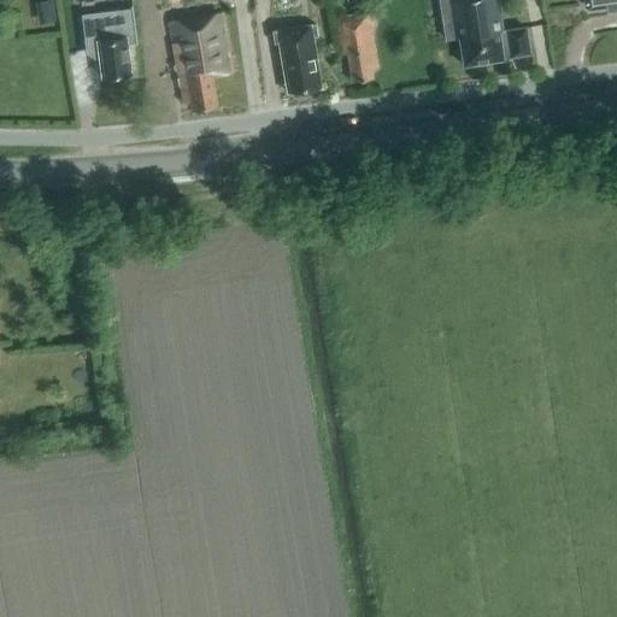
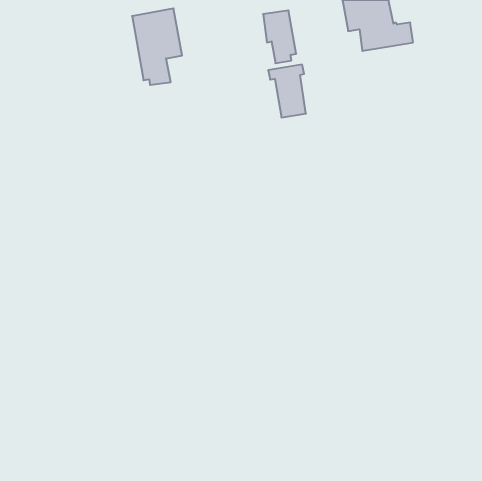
building: [81,8,136,78] -> none
building: [271,24,319,92] -> [268,65,306,117]

